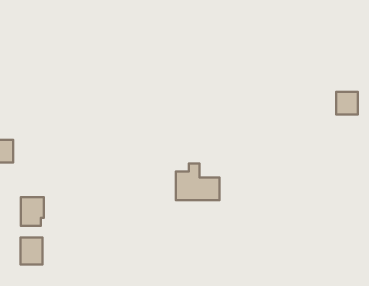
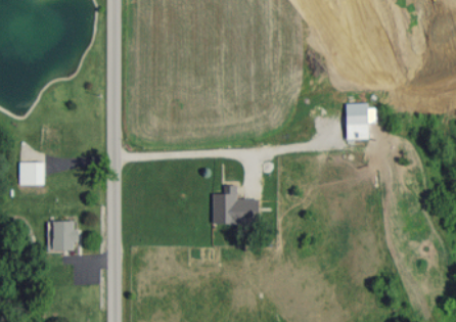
building: [336,92,358,115] -> [346,116,368,139]
building: [21,238,43,264] -> none

